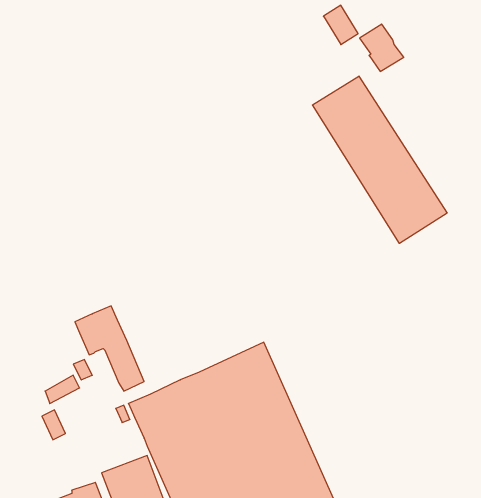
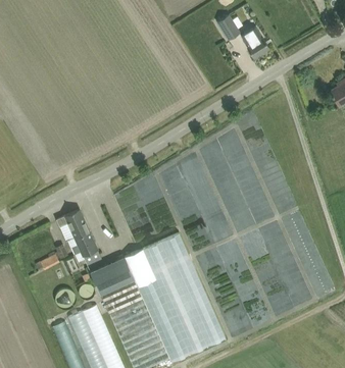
building: [312,76,447,243] -> none

